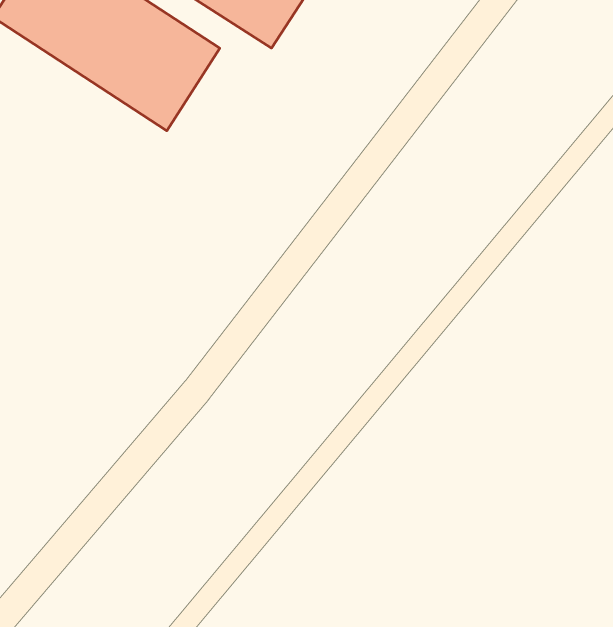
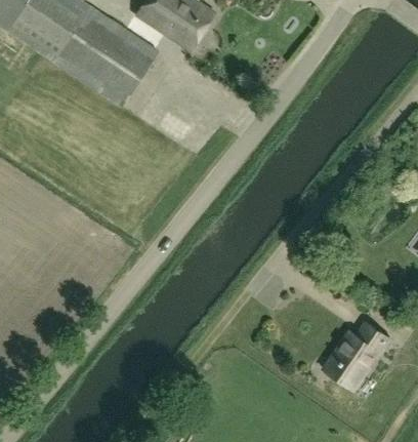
building: none -> [324,321,390,390]

